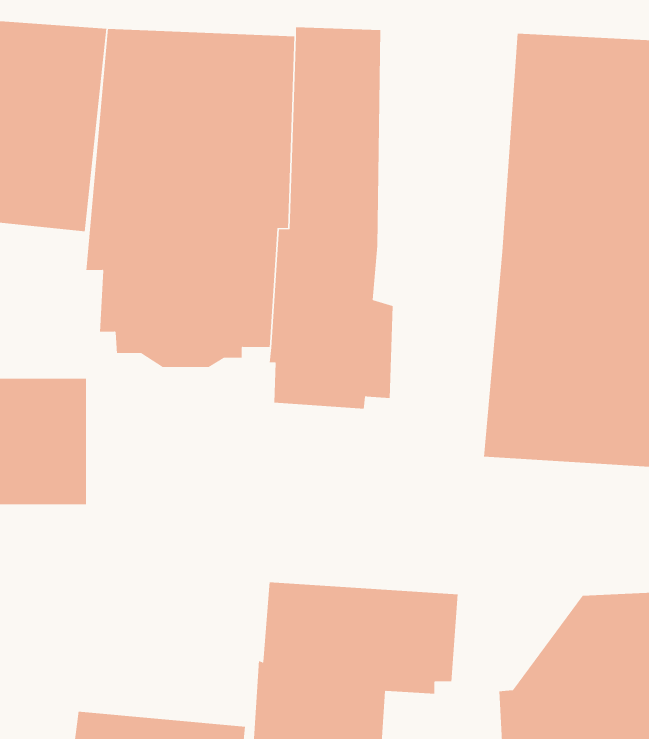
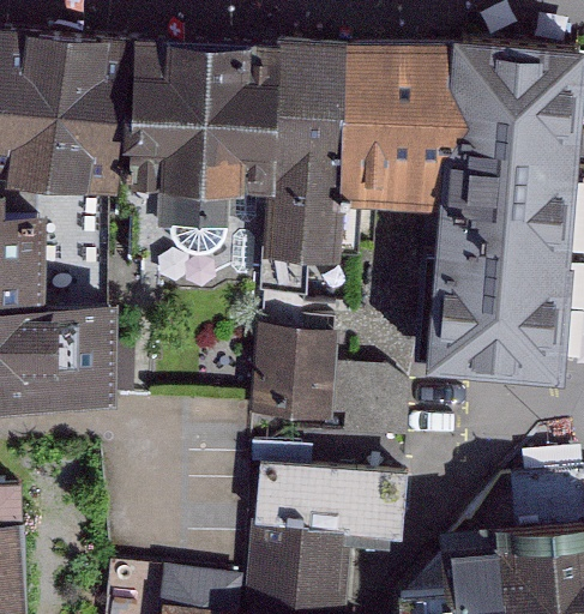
building: none -> [343,37,451,210]
building: none -> [248,327,407,443]

